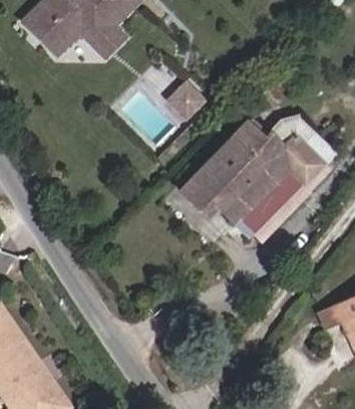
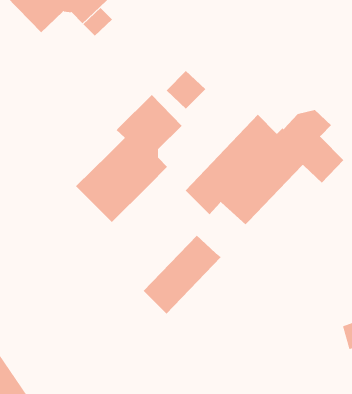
building: none -> [75,94,182,223]
building: [240,168,310,239] -> [143,235,222,314]

